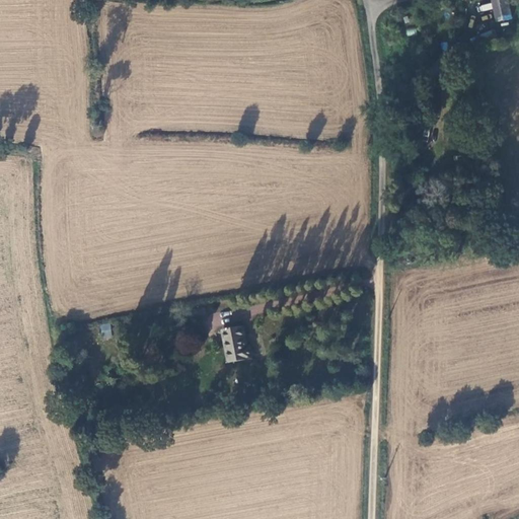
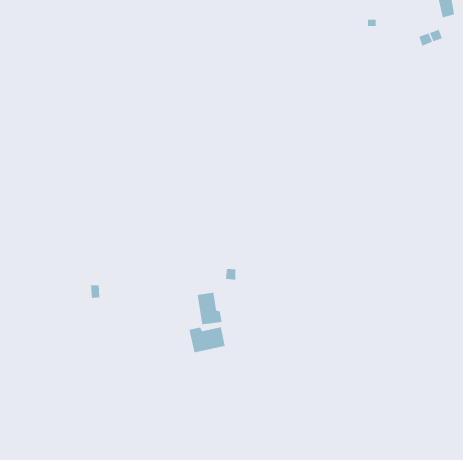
building: none -> [189,326,226,353]

